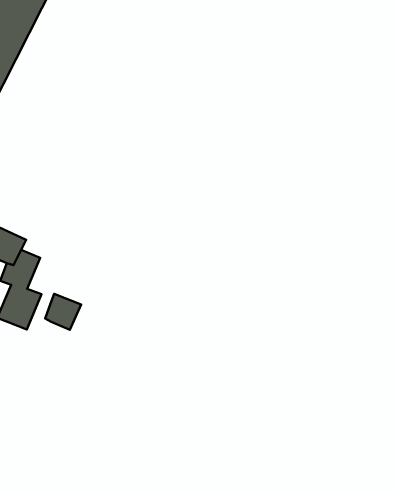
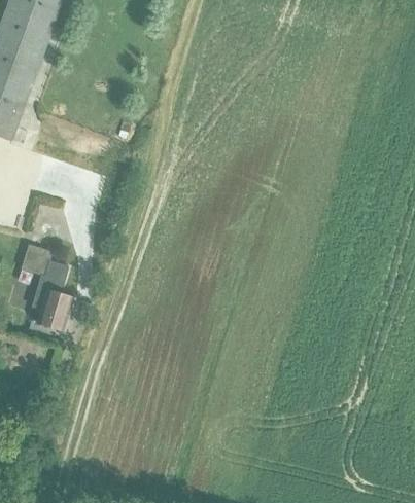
building: [45,294,81,330] -> none

